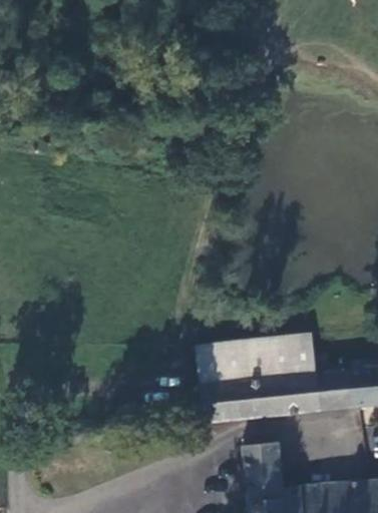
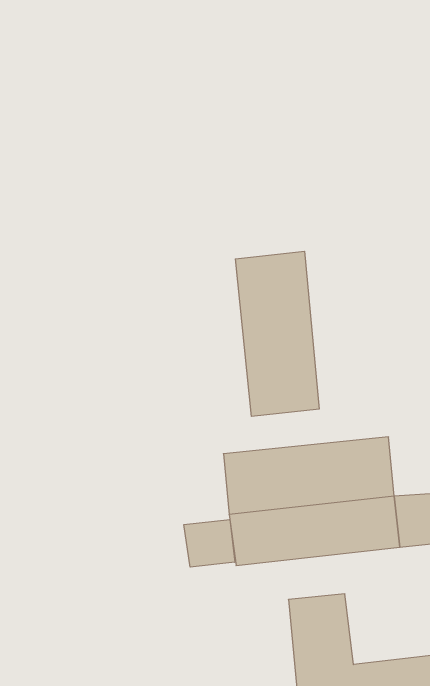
building: none -> [235,251,319,416]
building: none -> [184,519,235,567]

